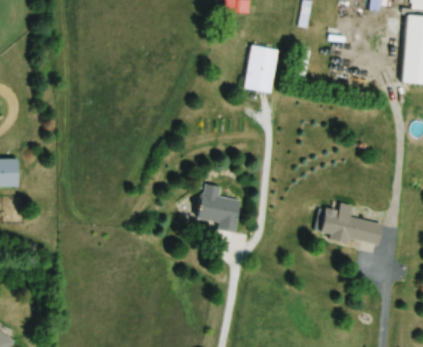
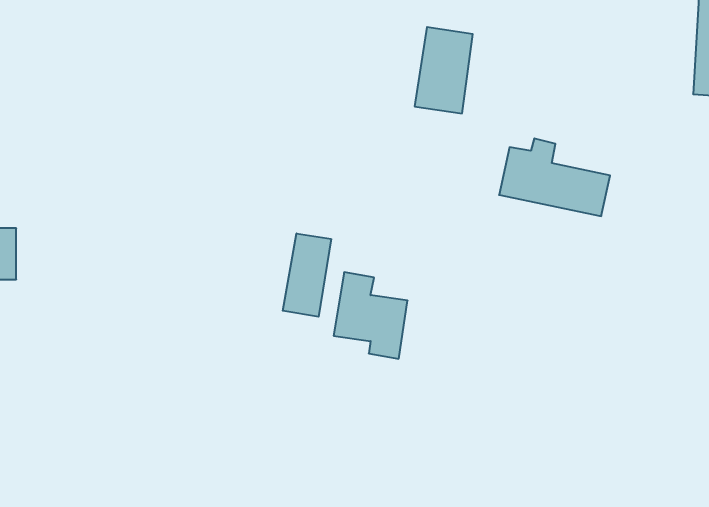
building: none -> [283,233,331,317]
building: [320,202,383,246] -> [499,138,610,216]

